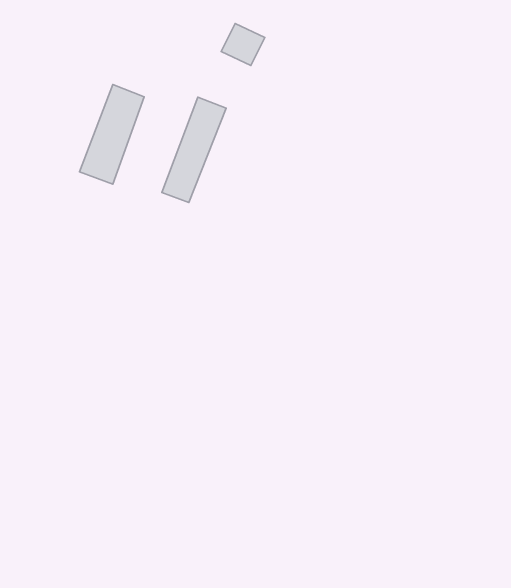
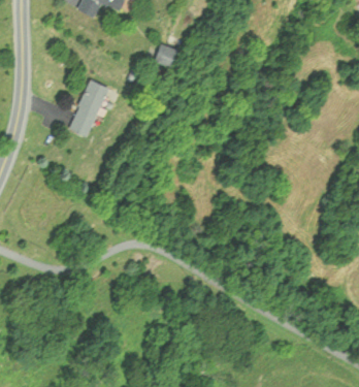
building: [162,97,226,202] -> none

